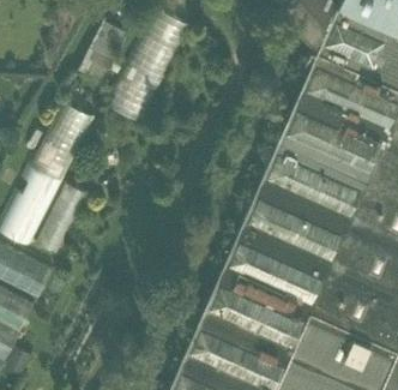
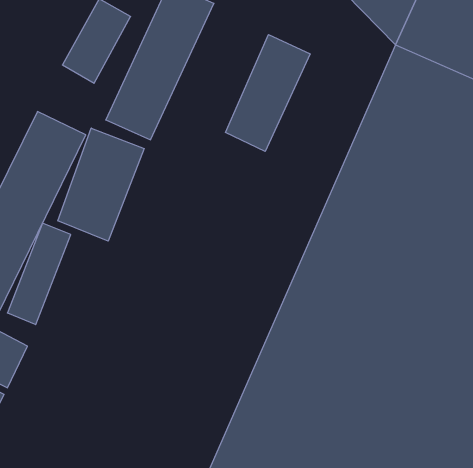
building: none -> [226,35,310,151]
building: none -> [58,128,144,241]

